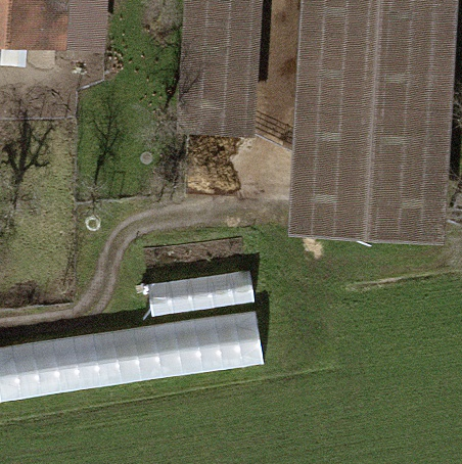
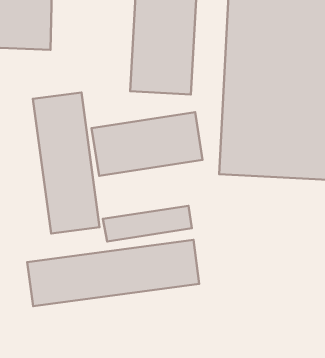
building: none -> [33,92,100,234]
building: none -> [92,112,203,176]

